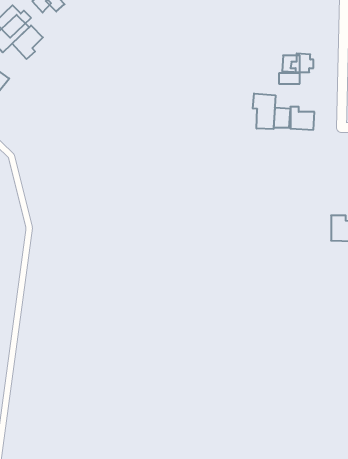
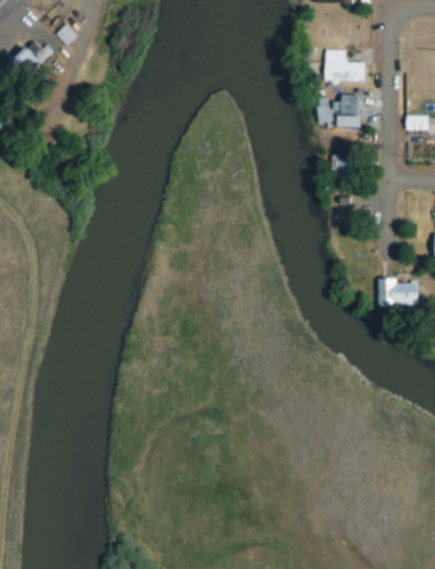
building: none -> [329,49,367,81]
building: [12,25,43,59] -> none
building: [253,93,275,129] -> none

